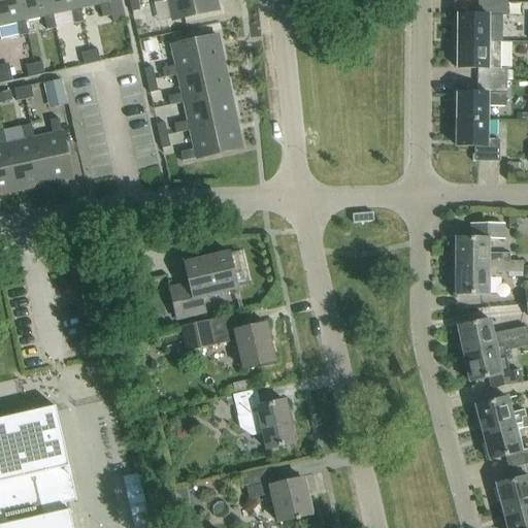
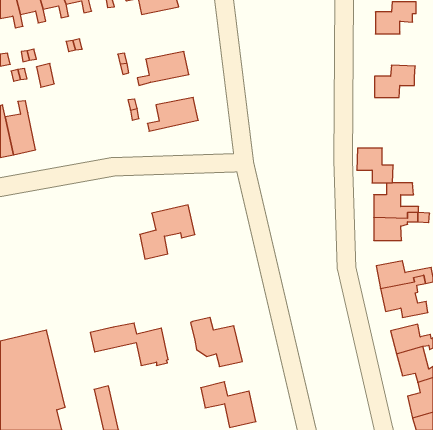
building: [161,34,224,76] -> none
building: [457,39,505,80] -> none
building: [173,91,235,132] -> none
building: [34,117,71,183] -> none
building: [455,119,499,161] -> [357,148,393,183]
building: [180,312,275,364] -> [90,323,168,365]

